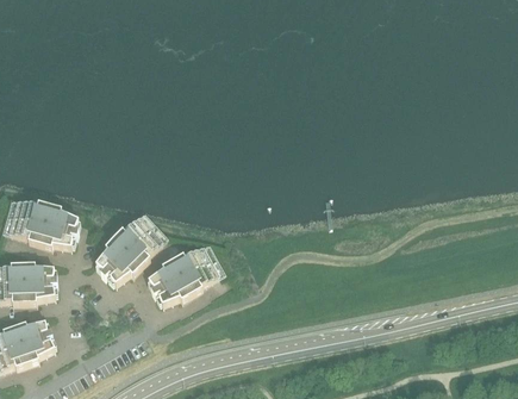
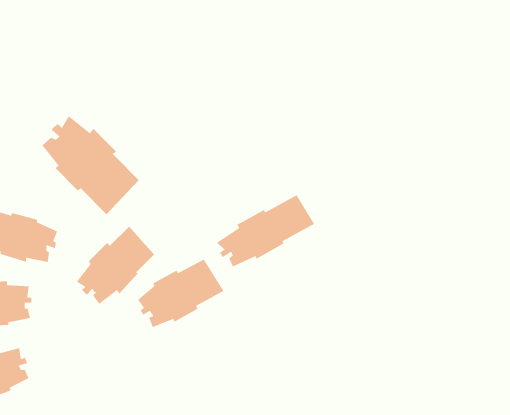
building: none -> [42,115,140,215]
building: none -> [216,194,315,267]

